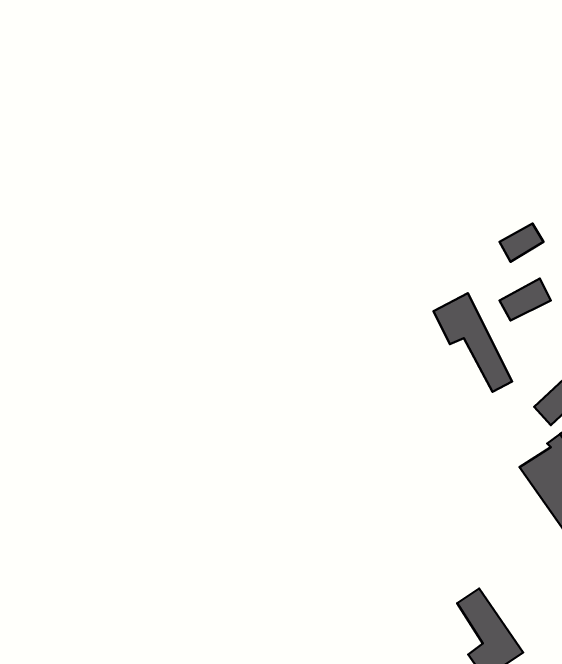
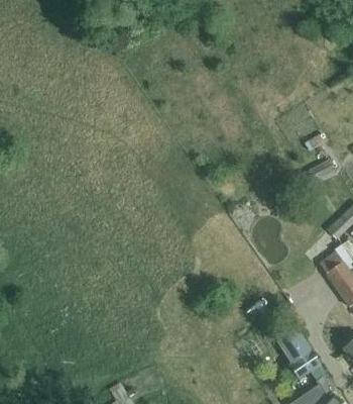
building: [433,293,512,392] -> none

